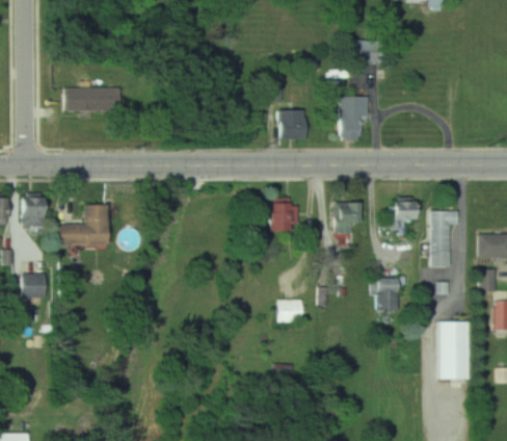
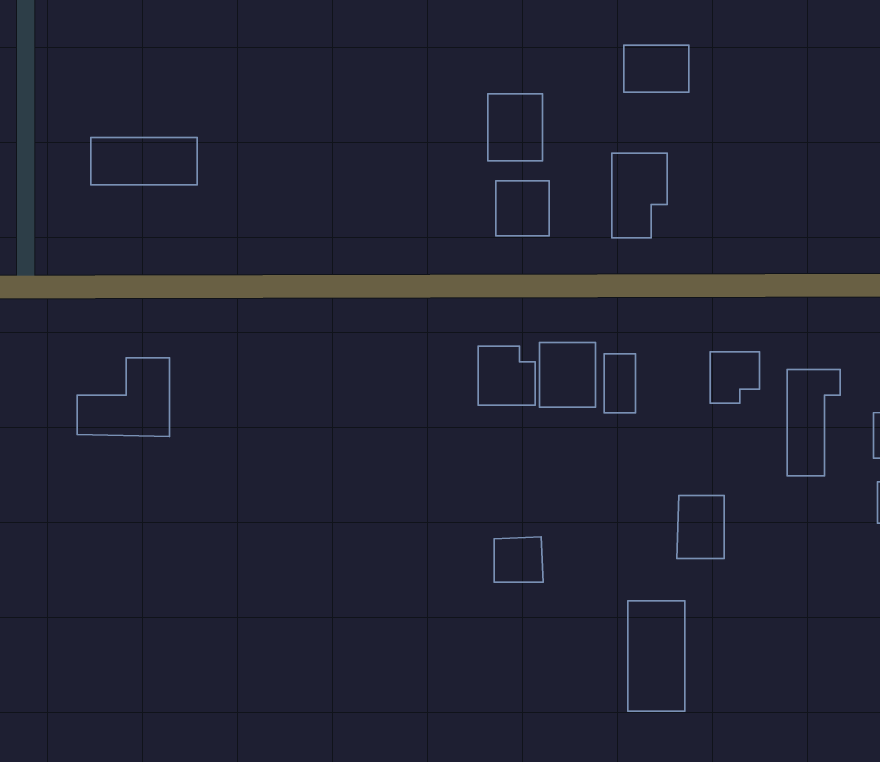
building: none -> [488,94,542,161]
building: [21,194,44,225] -> none
building: none -> [540,342,596,407]
building: [21,274,45,297] -> none
building: [437,320,468,379] -> [628,601,685,711]

